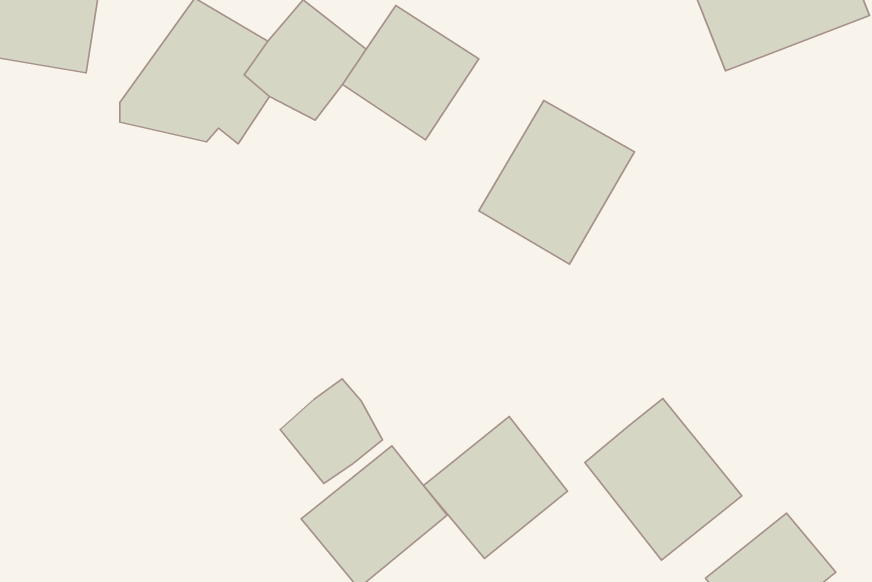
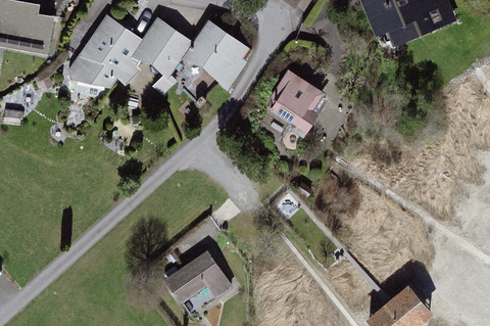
building: [280,379,383,484] -> none
building: [585,398,742,560] -> none
building: [424,417,568,559] -> none

